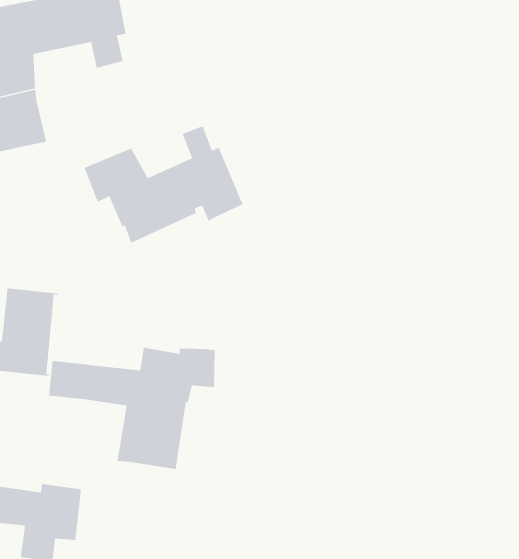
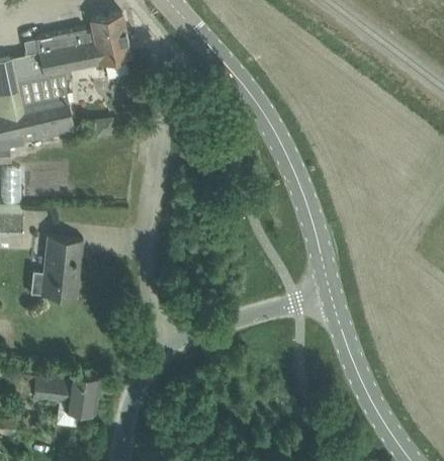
building: [84,125,244,244] -> none
building: [48,347,215,470] -> none

